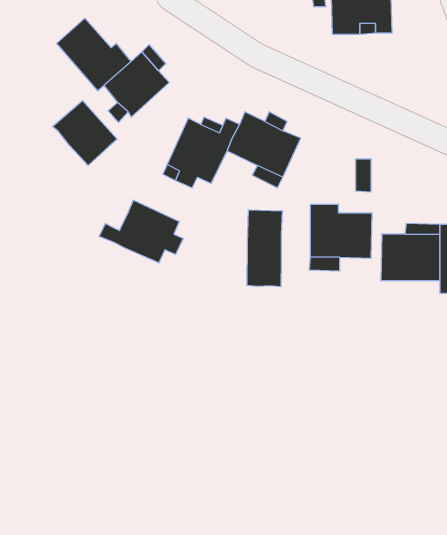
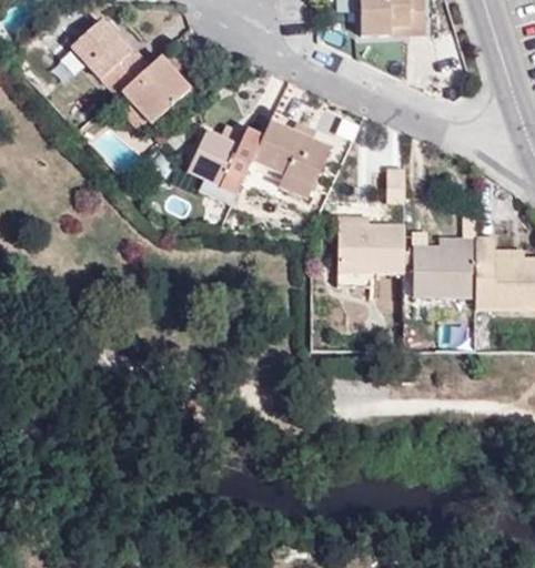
building: [53,101,117,165] -> none
building: [99,200,183,263] -> none
building: [247,210,282,287] -> none

